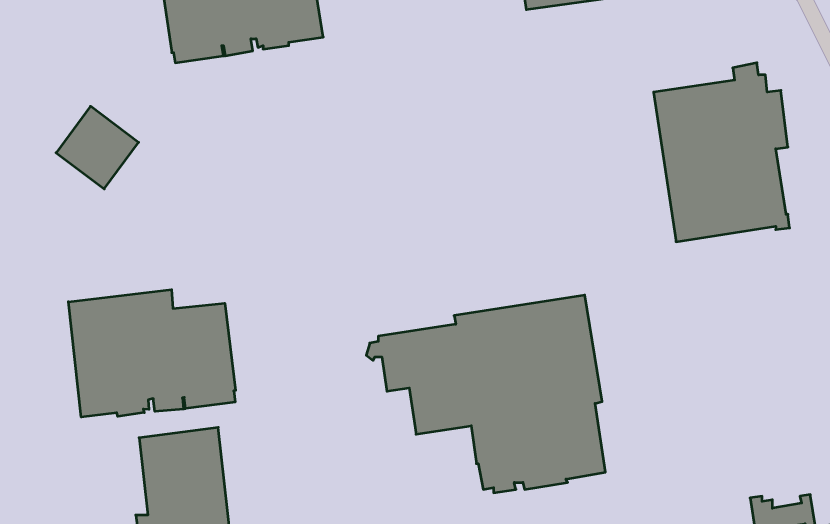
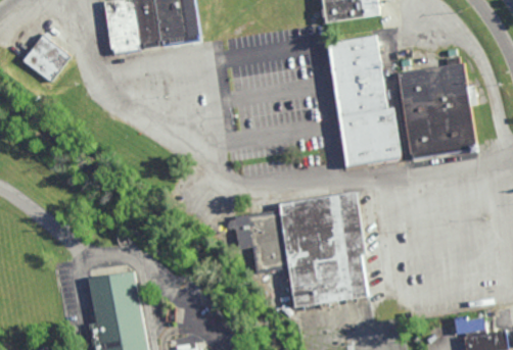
building: none -> [327,36,400,167]
building: [56,106,139,189] -> [21,34,71,83]
building: [68,290,236,417] -> none

